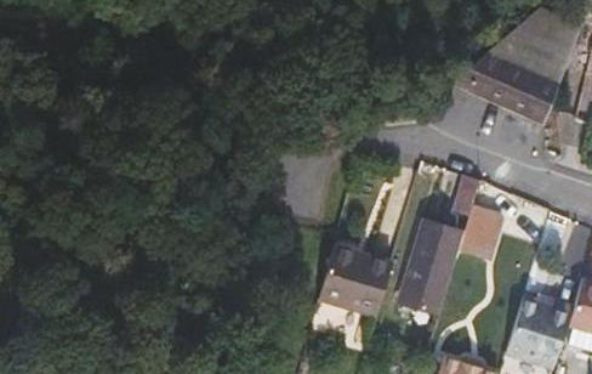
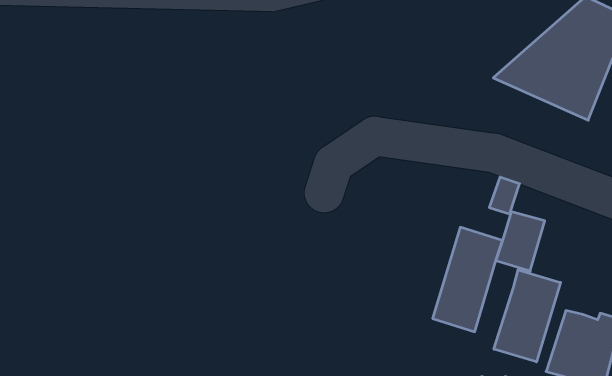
building: [318,245,391,316] -> none
building: none -> [494,270,561,362]

